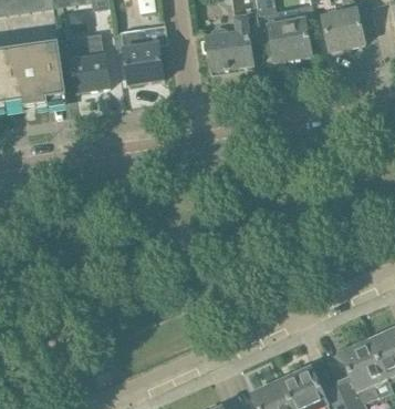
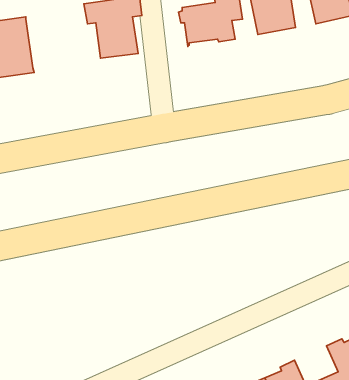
building: [59,34,110,93] -> none

